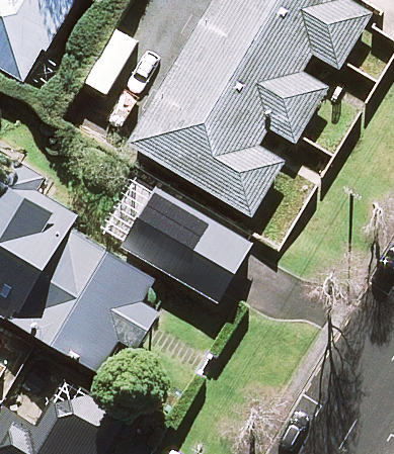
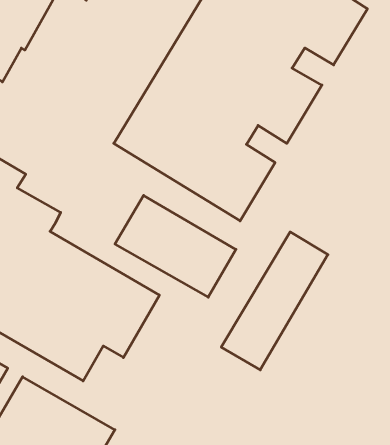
building: none -> [221,232,328,370]

